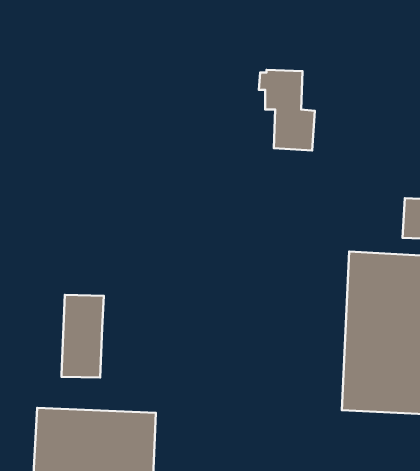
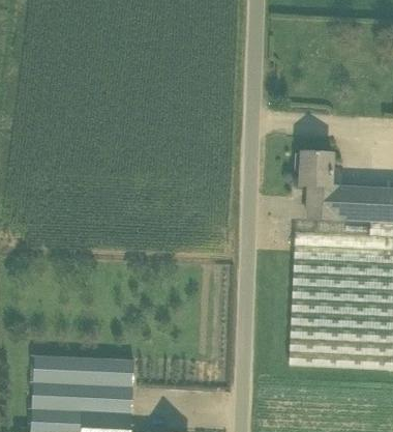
building: [259,70,315,151] -> [296,149,342,217]
building: [61,295,104,378] -> none

